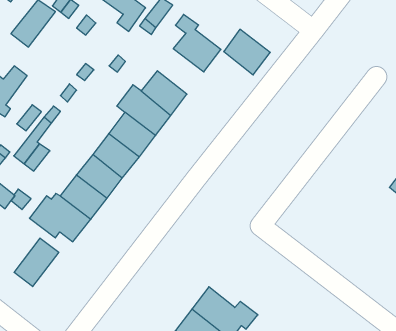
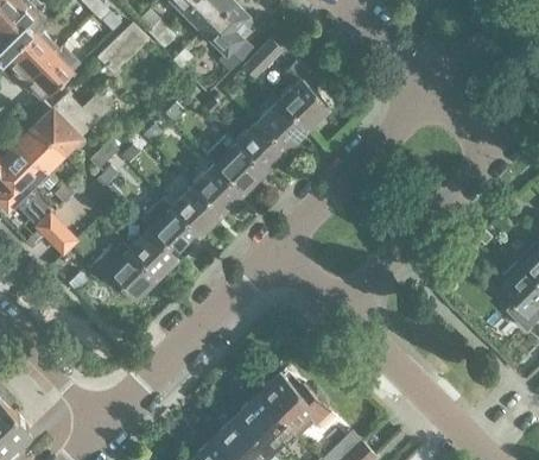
building: [224,29,270,75] -> [255,99,307,152]
building: [14,238,59,287] -> none

